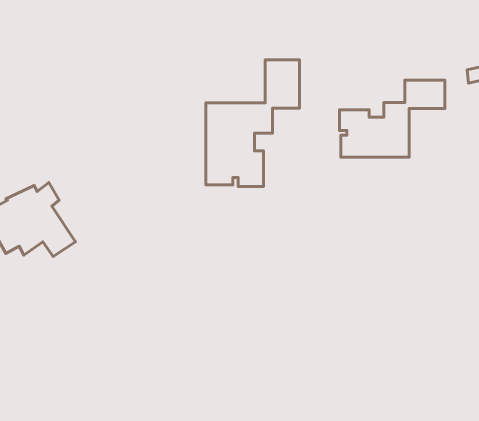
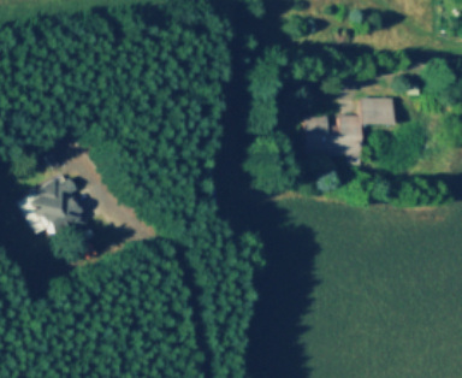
building: [206,60,299,187] -> none

